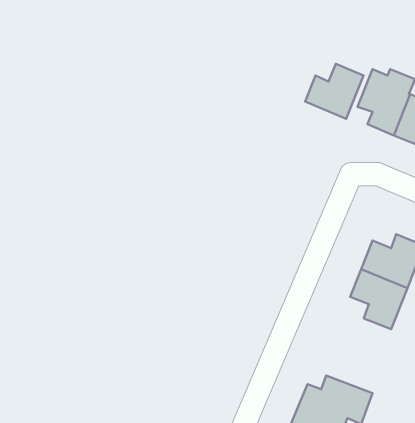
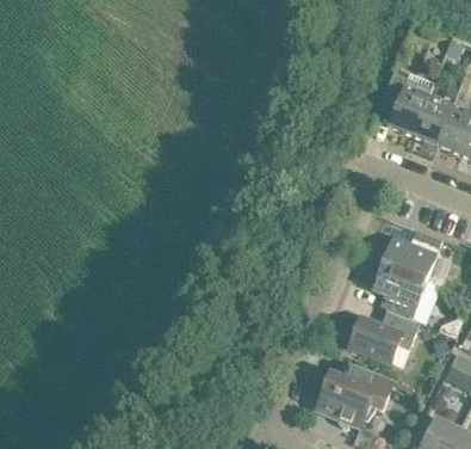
building: [305,64,364,119] -> none
building: none -> [349,314,420,364]

